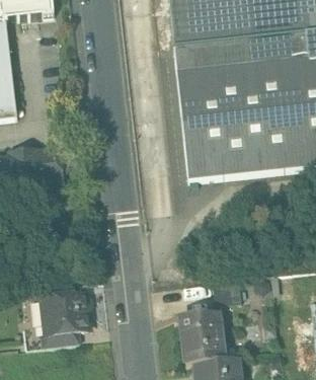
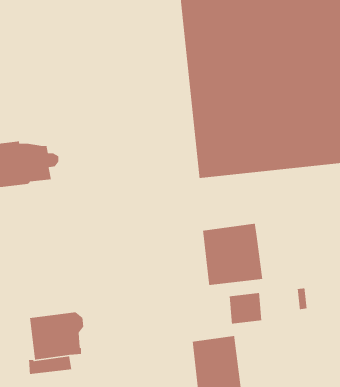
building: none -> [202,223,263,286]

